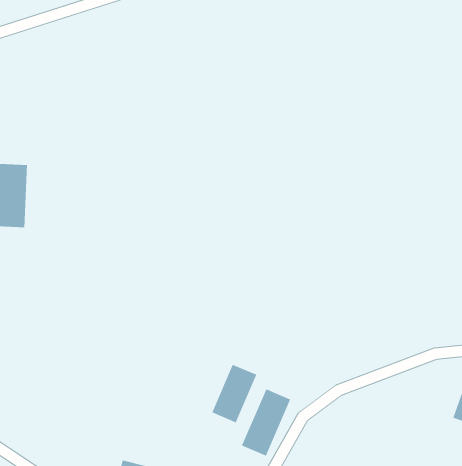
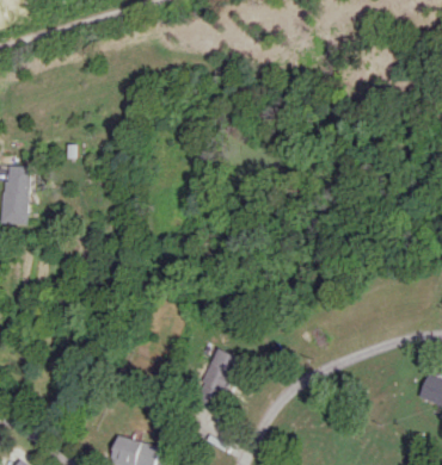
building: [241,388,291,457] -> none

